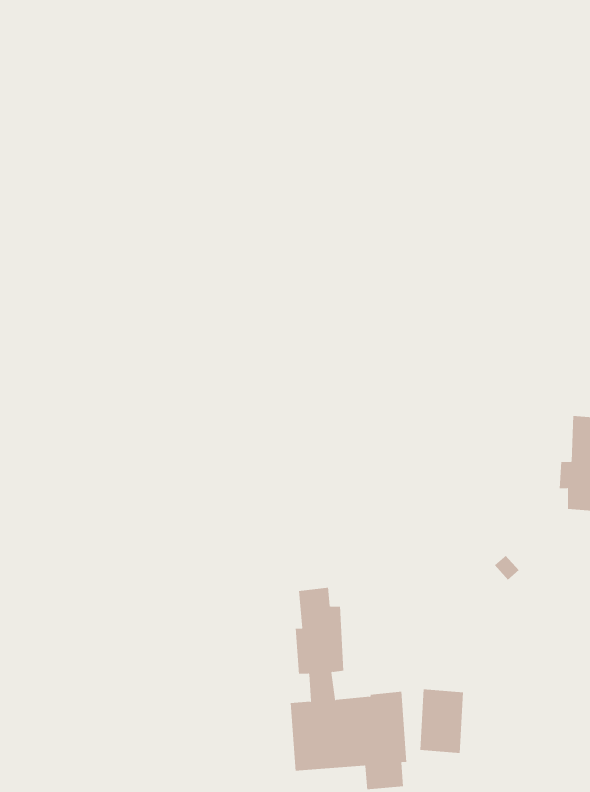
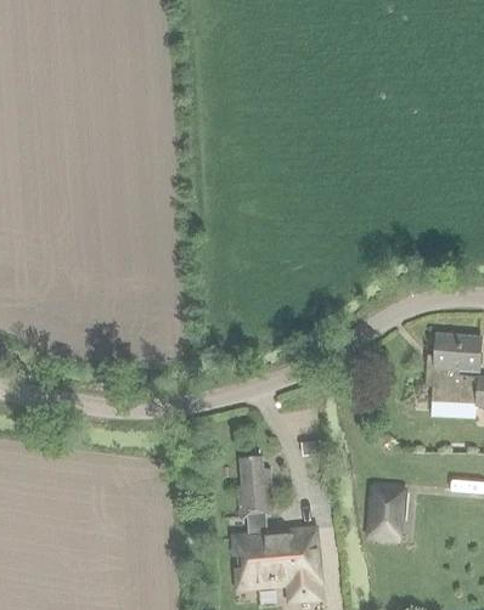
building: [420,689,464,754] -> [371,487,403,533]

